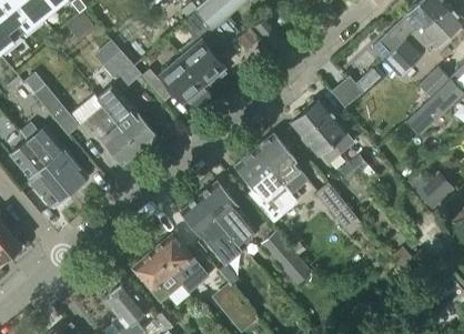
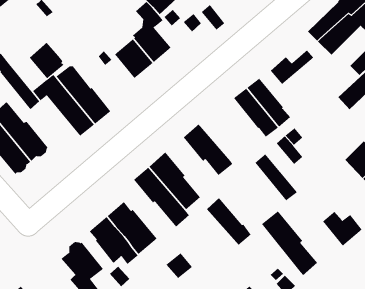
building: [102,49,141,90] -> [29,42,64,79]
building: [253,134,307,200] -> none
building: none -> [261,210,318,276]

